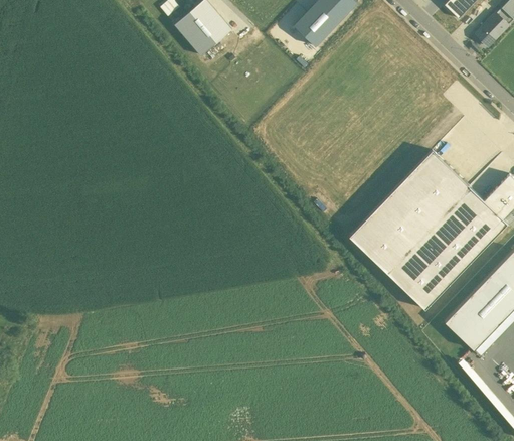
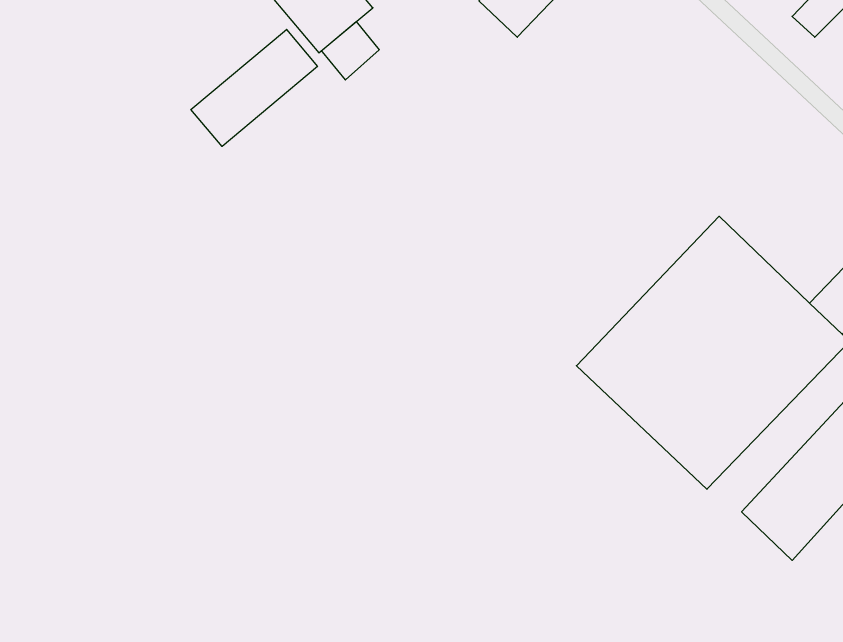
building: none -> [321,22,379,80]
building: none -> [191,29,317,146]

